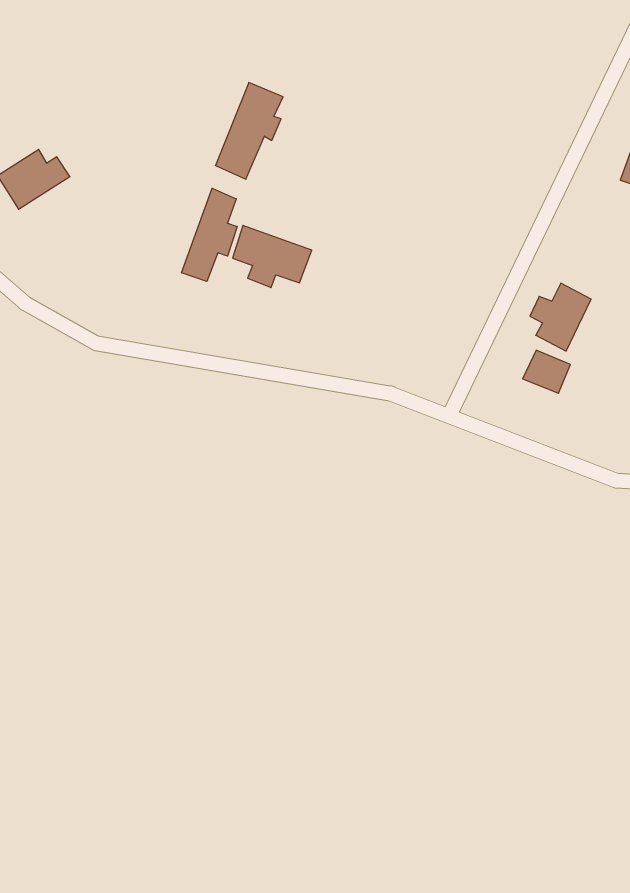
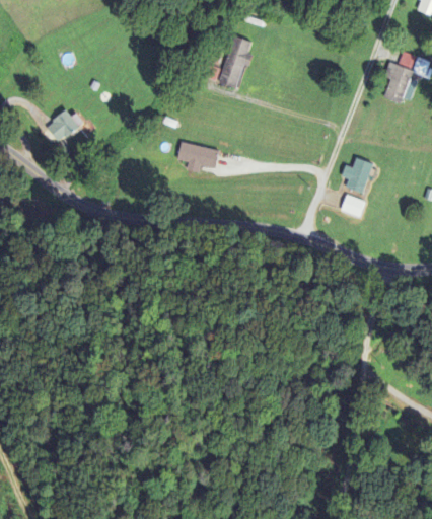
building: [215,82,283,179] -> [219,35,253,88]
building: [182,188,237,281] -> none

